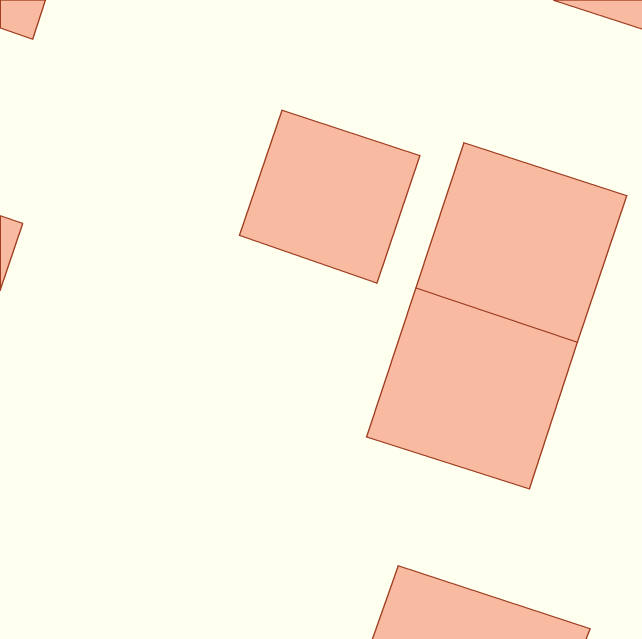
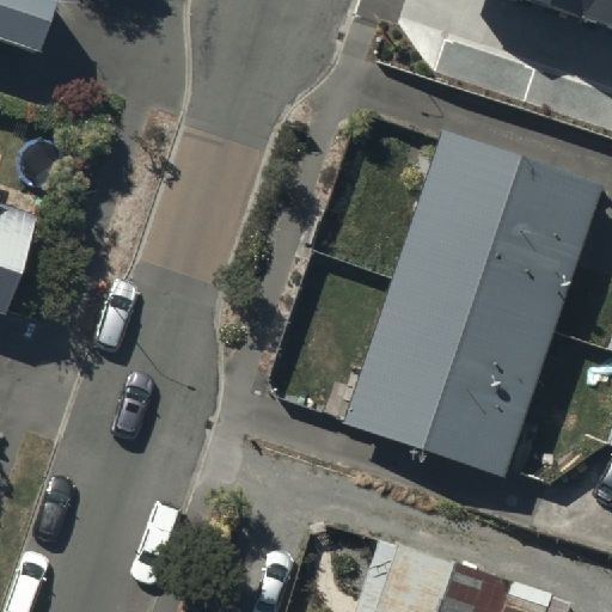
building: [240,110,420,283] -> none

